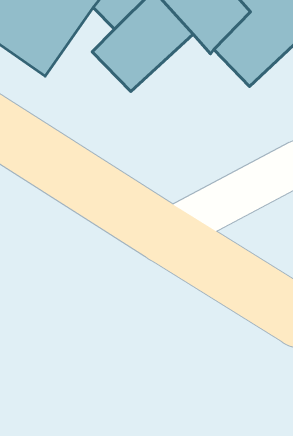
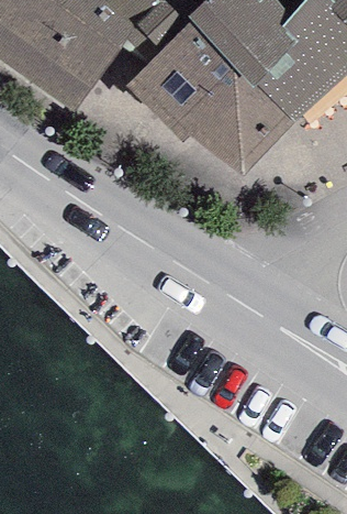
building: none -> [167,65,294,174]

